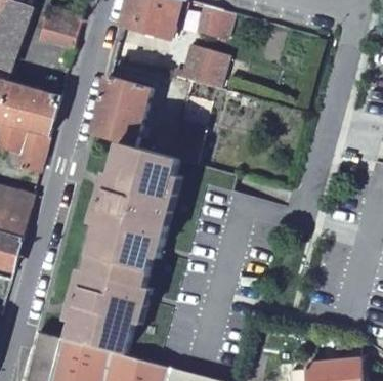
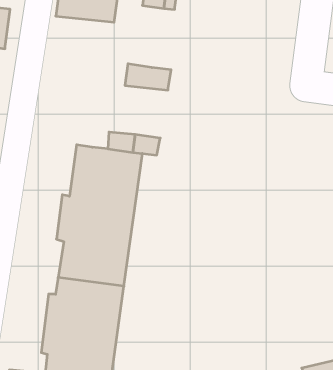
building: [174,48,226,89] -> none
building: [91,77,151,147] -> none

